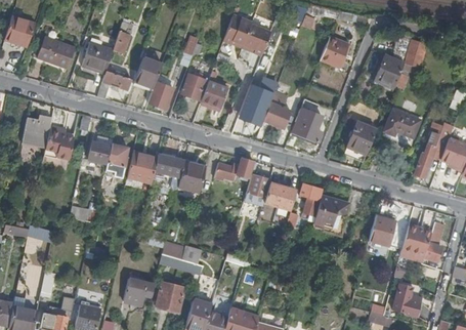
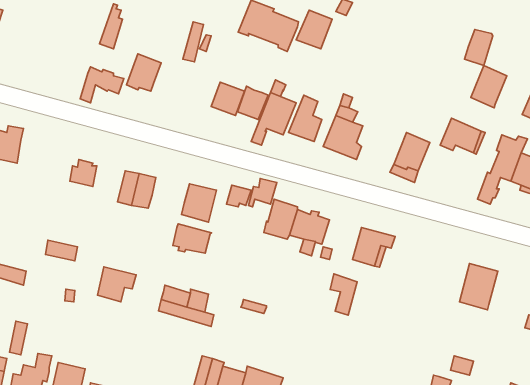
building: [320,36,348,67] -> [296,10,332,49]
building: [38,39,74,69] -> none
building: [83,43,113,74] -> none
building: [375,54,404,88] -> [471,66,507,108]
building: [181,73,206,99] -> [237,86,268,120]
building: [149,82,174,110] -> none
building: [45,127,75,160] -> none
building: [105,145,128,177] -> none
building: [155,154,185,177] -> [173,224,211,253]
building: [299,183,321,216] -> [330,274,357,315]
building: [370,217,394,246] -> none
building: [423,222,444,261] -> none
building: [124,279,155,306] -> [98,267,136,302]
building: [157,282,185,312] -> none
building: [395,284,421,318] -> none

